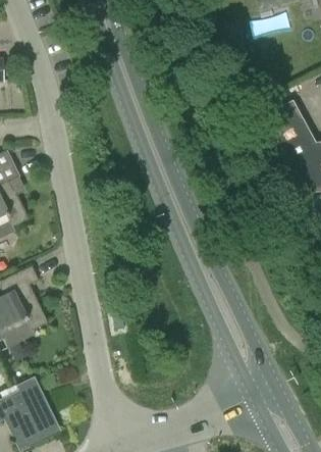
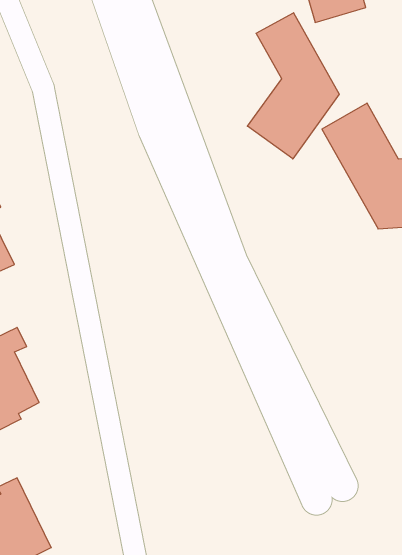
building: none -> [247,13,339,159]

